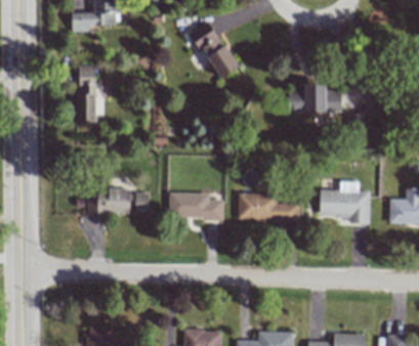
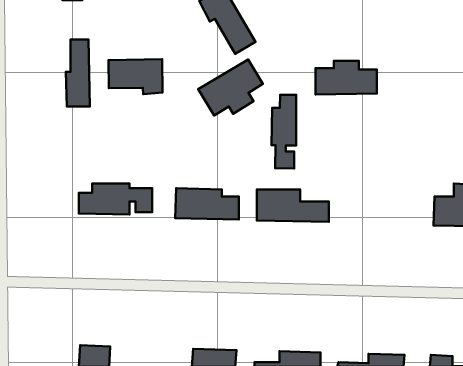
building: none -> [108,59,162,94]
building: none -> [198,60,263,116]
building: none -> [272,95,296,168]
building: [321,181,371,224] -> none

